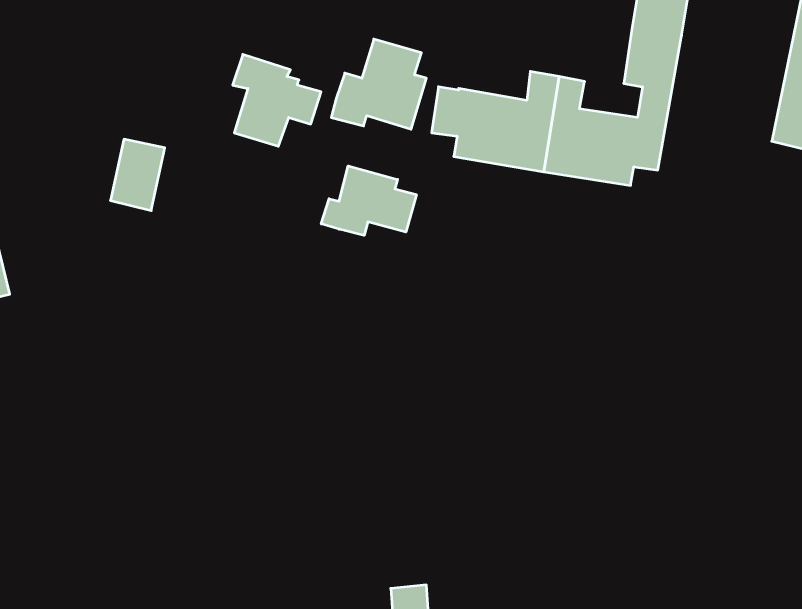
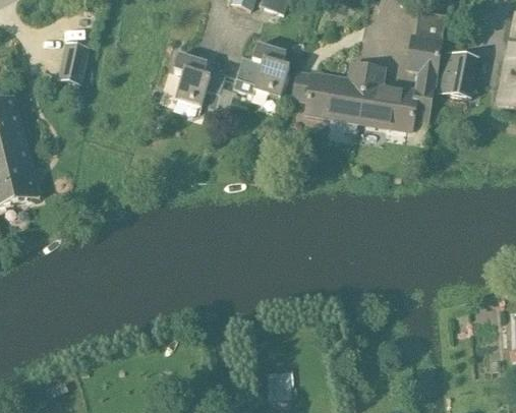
building: none -> [438,51,479,98]
building: [110,139,165,211] -> [58,42,91,84]
building: [321,166,416,235] -> none

